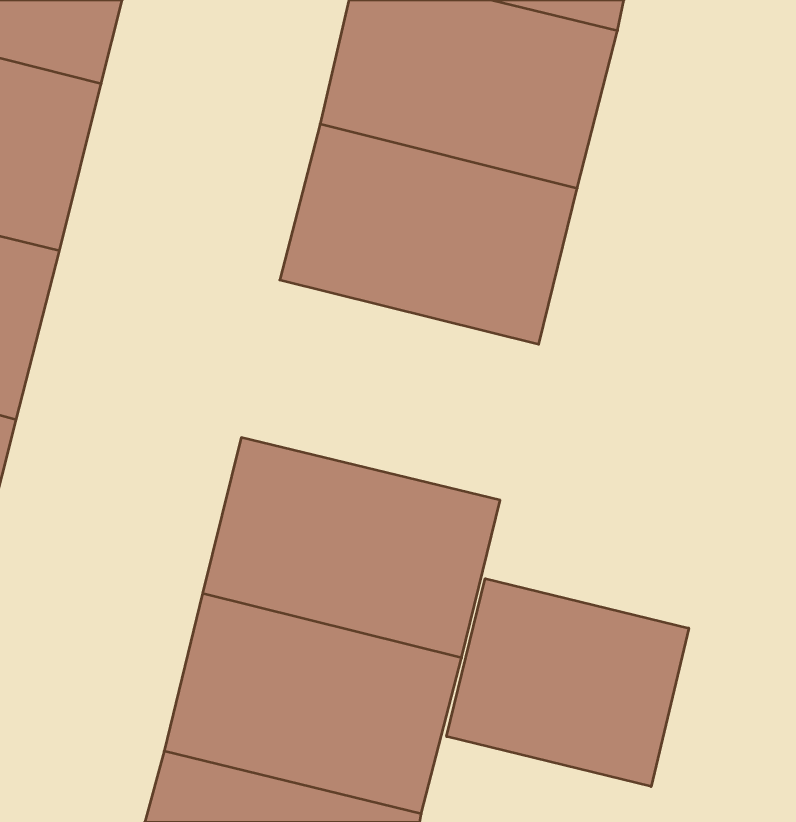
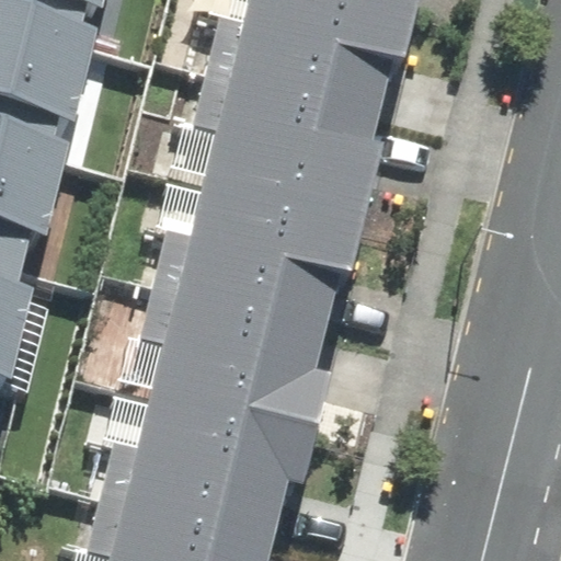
building: none -> [164,191,367,341]
building: [447,579,689,787] -> none

